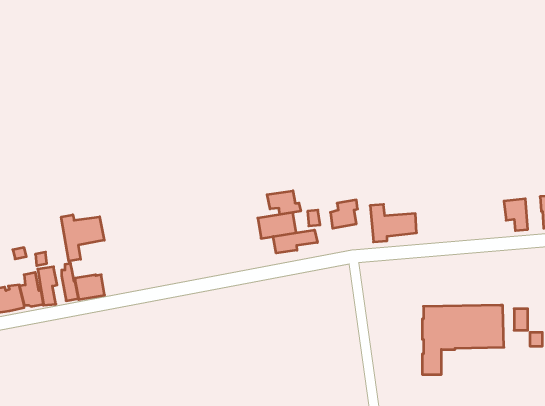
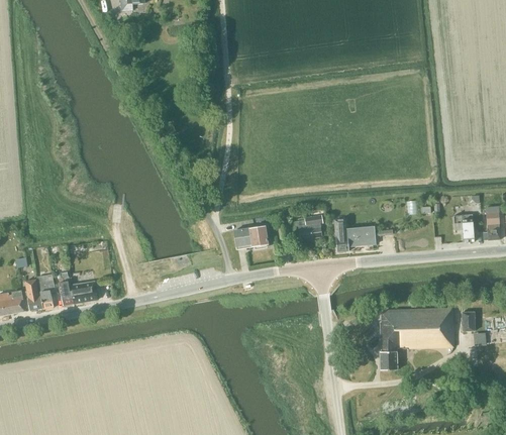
building: [267,191,301,214] -> none
building: [61,215,104,261] -> none
building: [273,230,317,253] -> none

